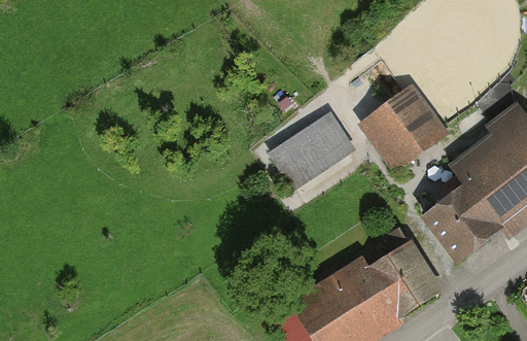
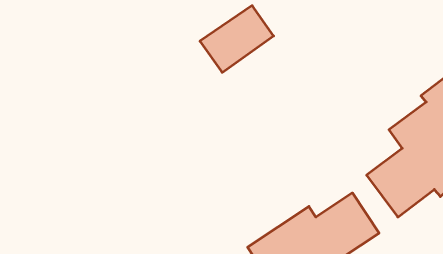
building: [359,87,447,173] -> none
building: [268,112,353,190] -> [200,6,274,72]

